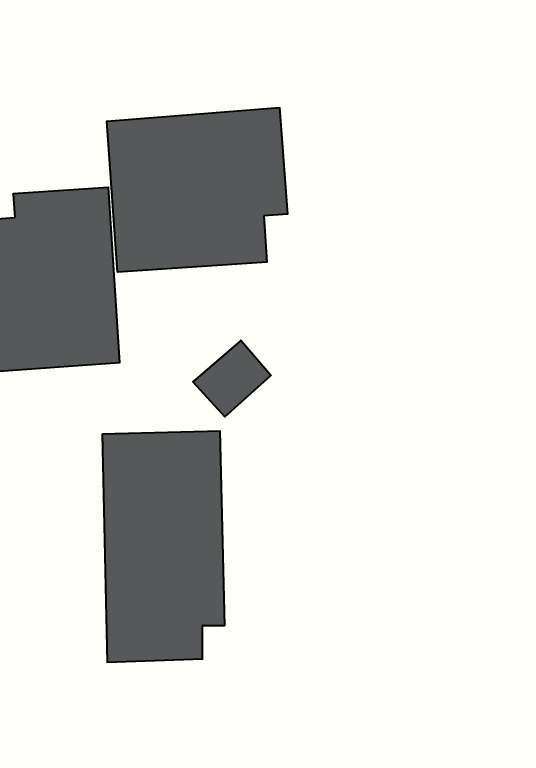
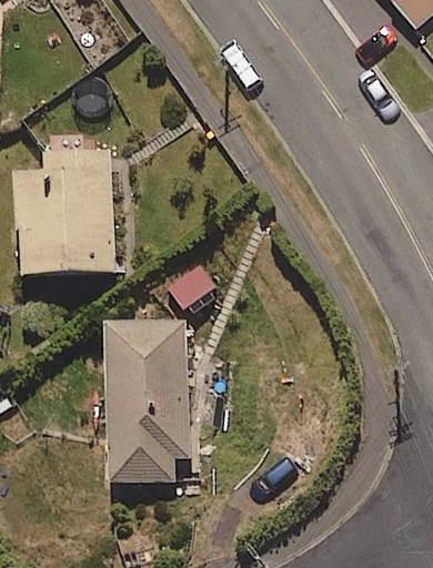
building: [107,108,288,272] -> none

